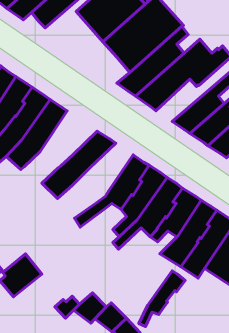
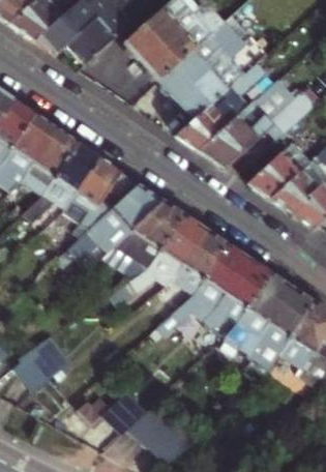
building: none -> [72,164,145,234]
building: none -> [113,205,190,281]
building: [139,271,185,326] -> none

